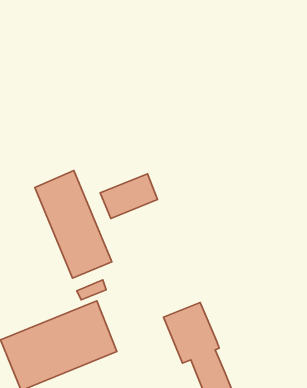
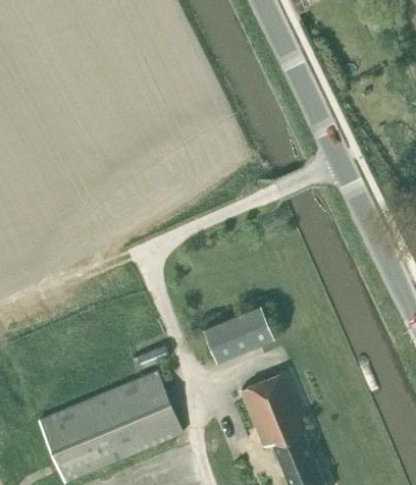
building: [35,171,112,278] -> none
building: [100,174,158,219] -> [203,307,273,362]

